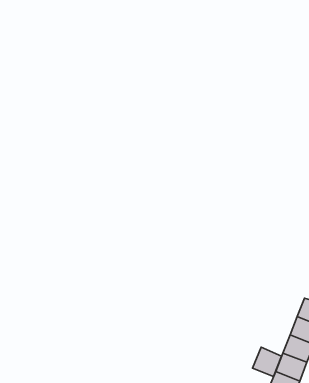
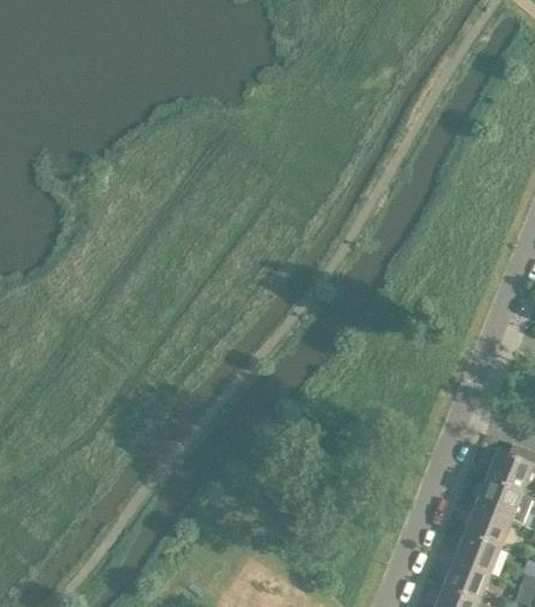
building: [253,347,282,377] -> none

